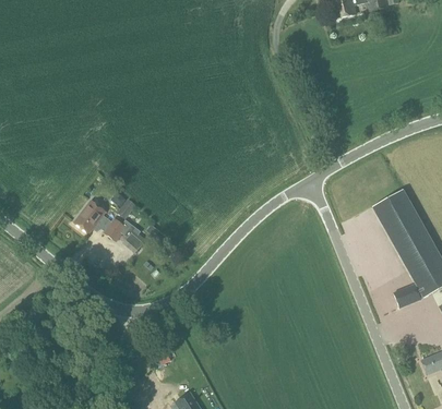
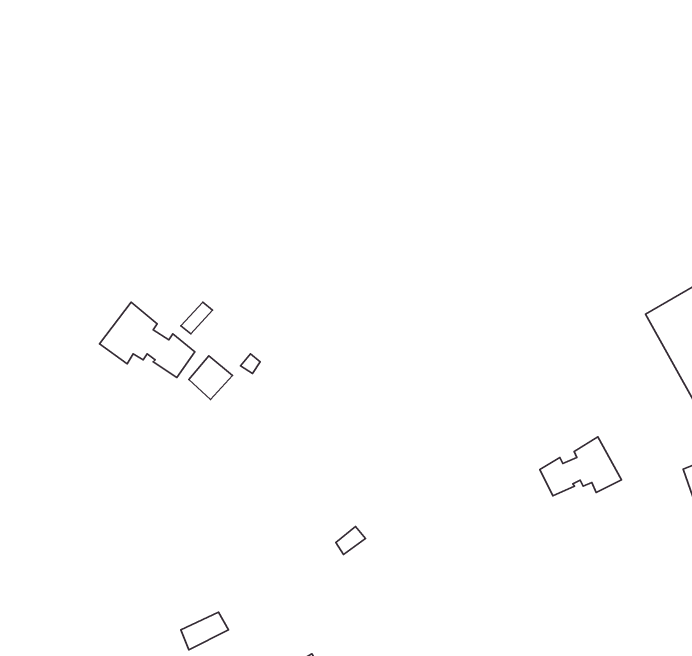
building: none -> [540,437,621,496]

